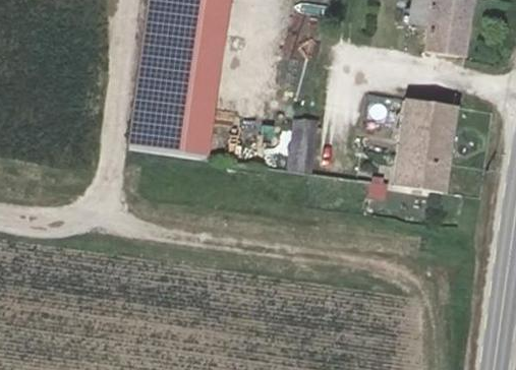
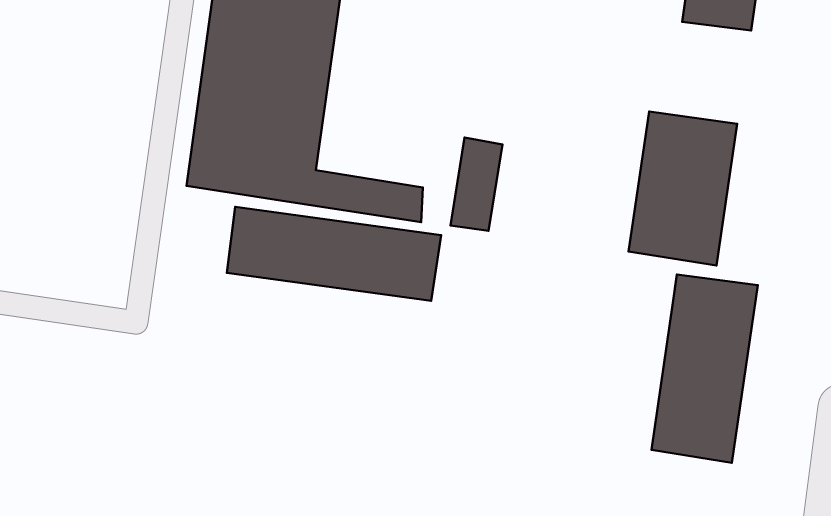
building: none -> [227,207,441,301]
building: none -> [651,275,758,463]

